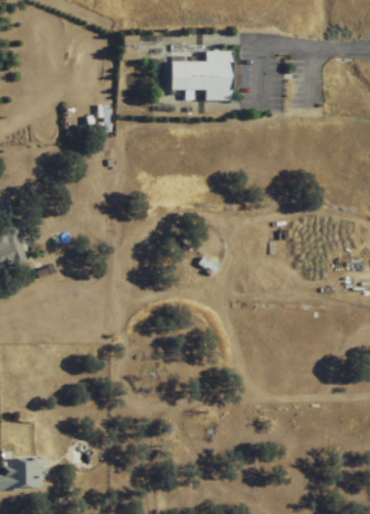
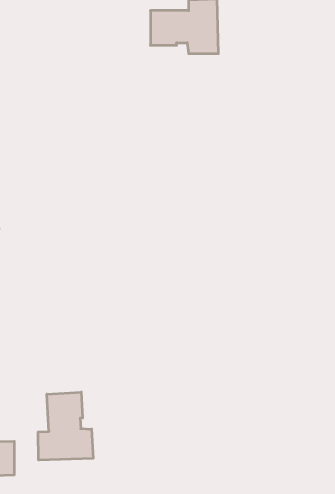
building: none -> [38,392,93,460]

